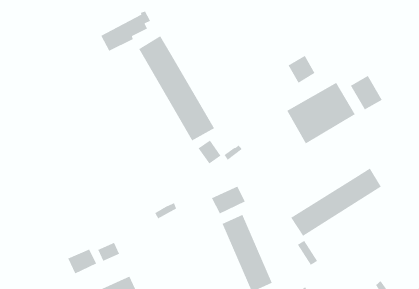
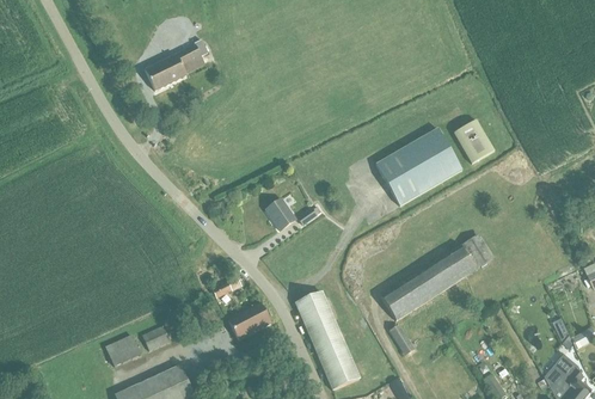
building: [138,35,215,142] -> none
building: [287,55,315,84] -> none
building: [211,185,246,214] -> [227,302,270,338]

